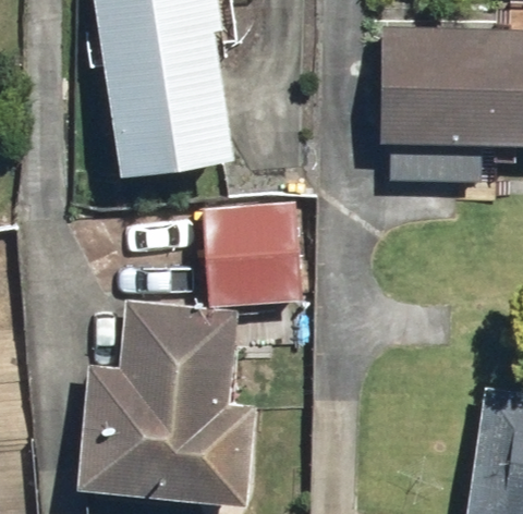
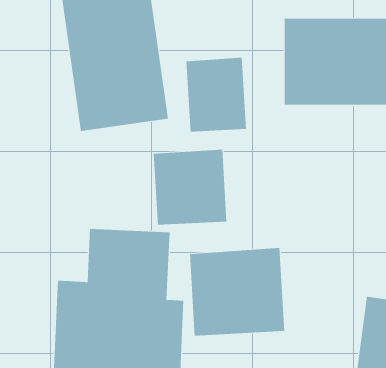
building: none -> [186,57,247,133]
building: none -> [190,247,285,337]

